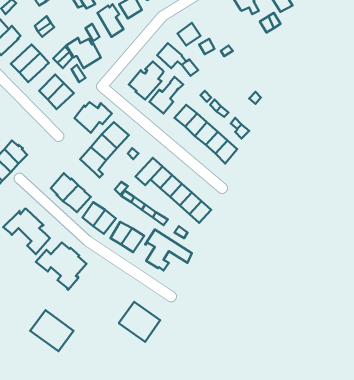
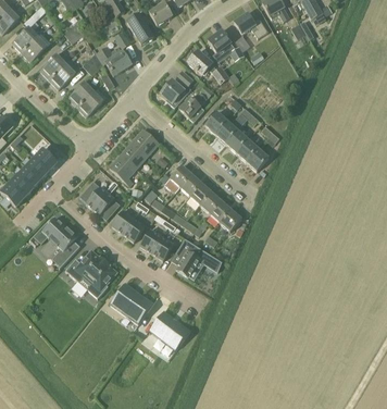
building: none -> [234,12,267,38]
building: [74,102,112,133] -> none
building: [30,310,74,351] -> [110,282,153,323]

